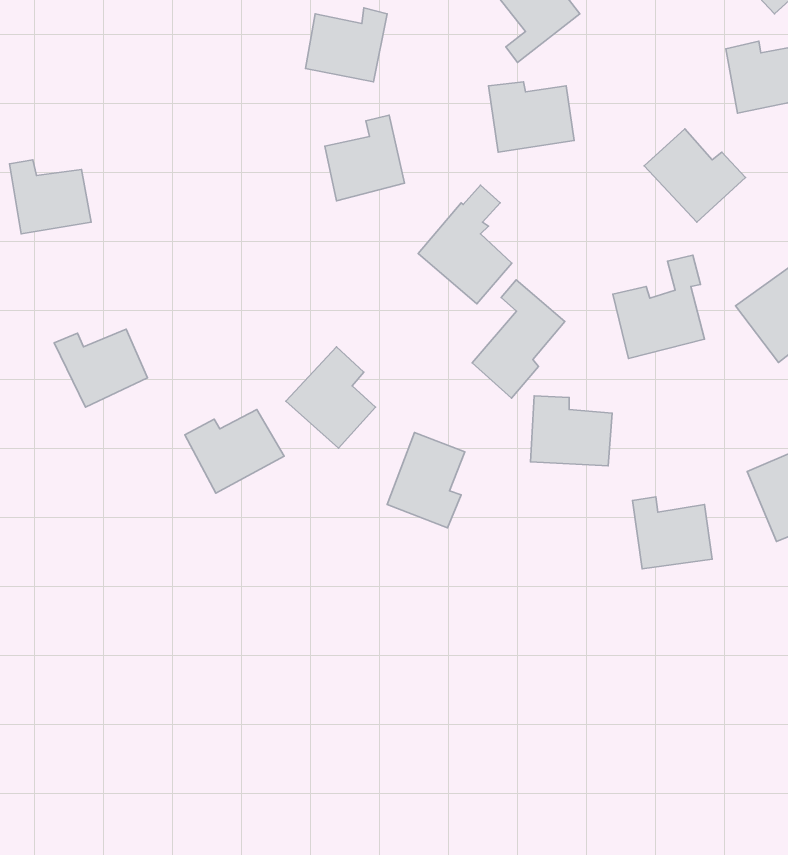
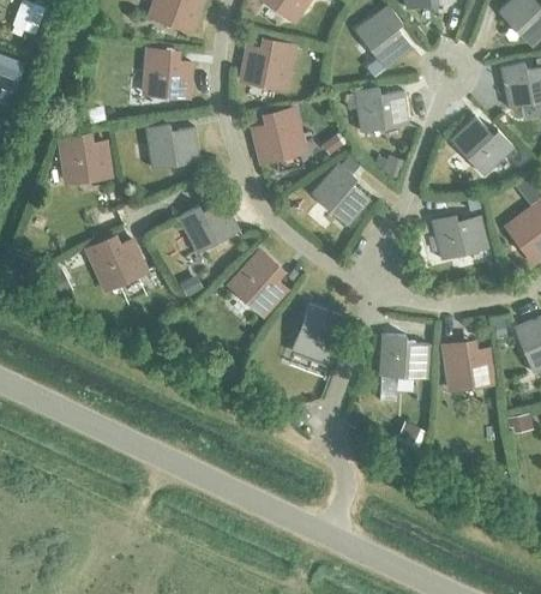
building: none -> [144,50,190,97]
building: none -> [145,125,198,168]
building: [472,280,565,398] -> none
building: [530,396,612,466] -> [378,335,428,378]
building: [185,409,284,493] -> [178,202,239,253]

